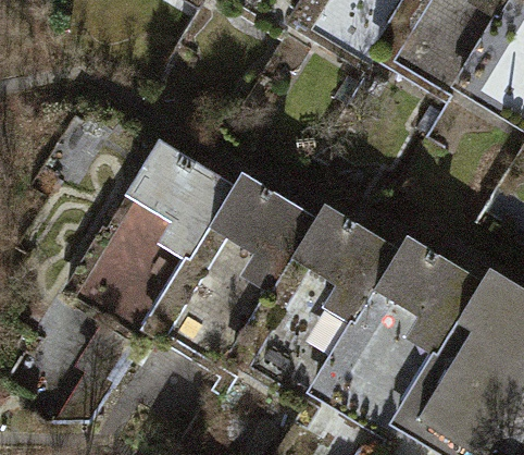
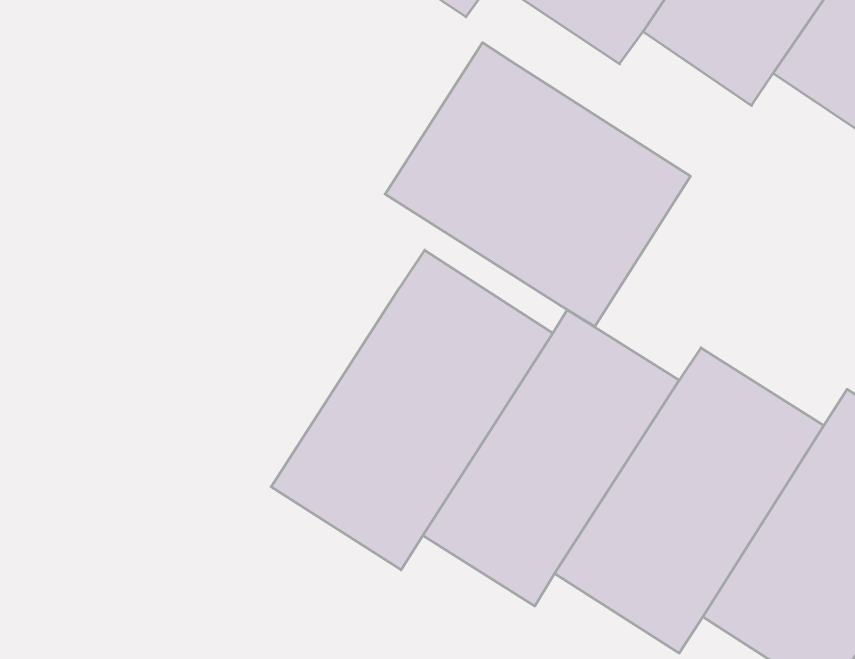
building: none -> [385,43,690,326]
building: [78,144,244,335] -> none

